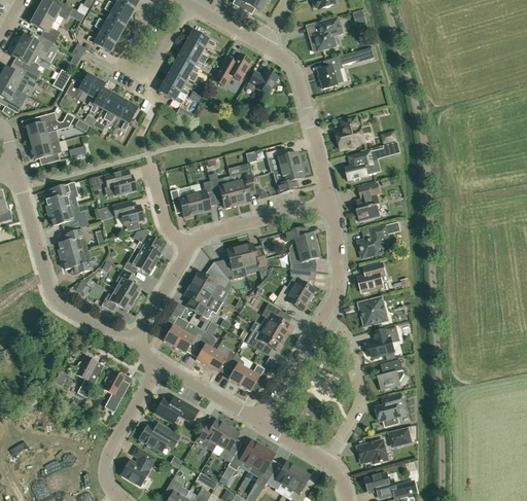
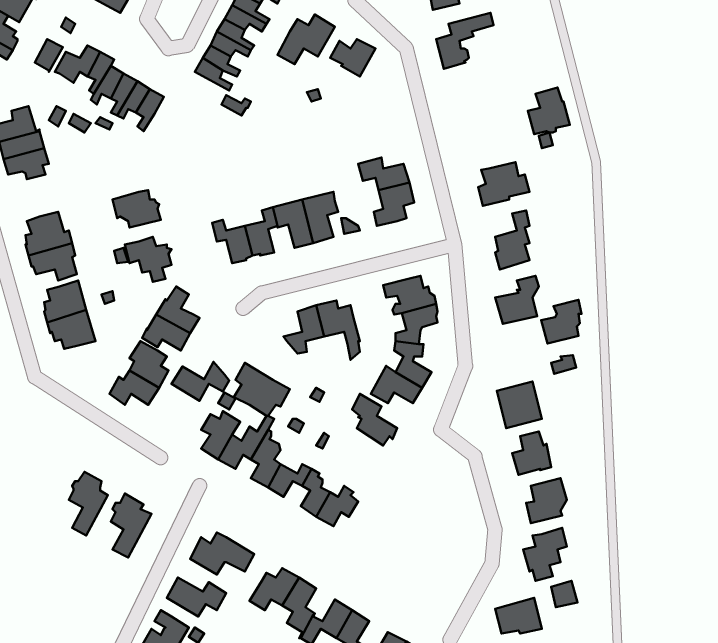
building: [337,116,364,147] -> [528,87,570,134]
building: [358,262,385,291] -> [541,300,582,343]
building: [191,269,230,294] -> [172,362,229,401]
building: [247,324,283,351] -> none

